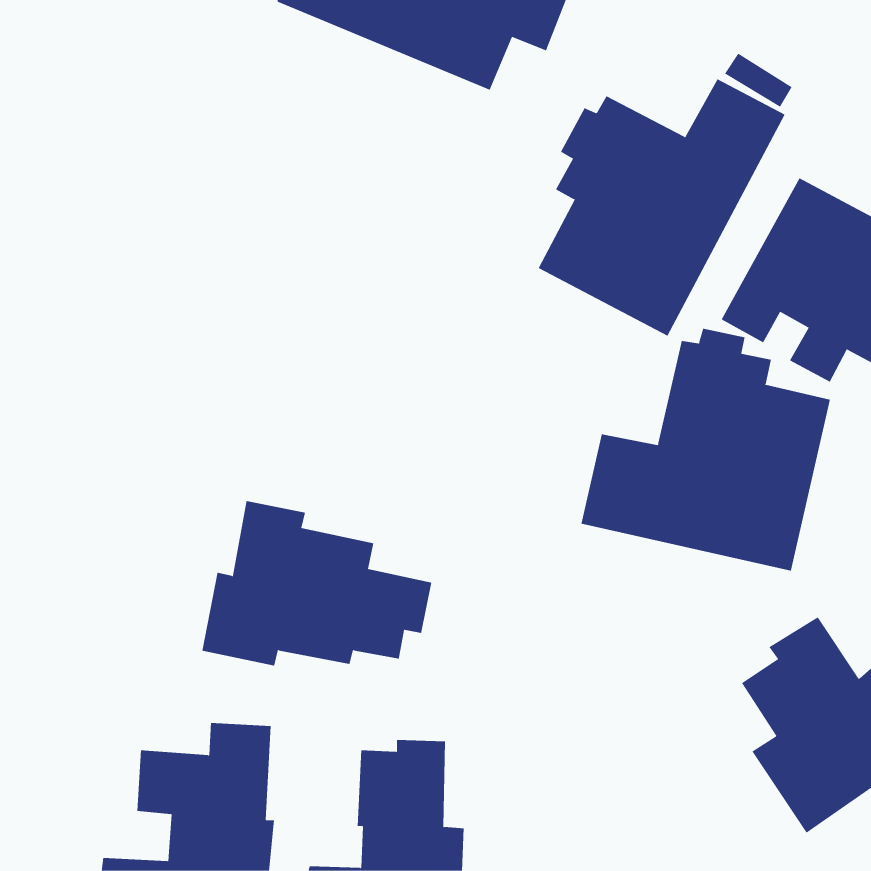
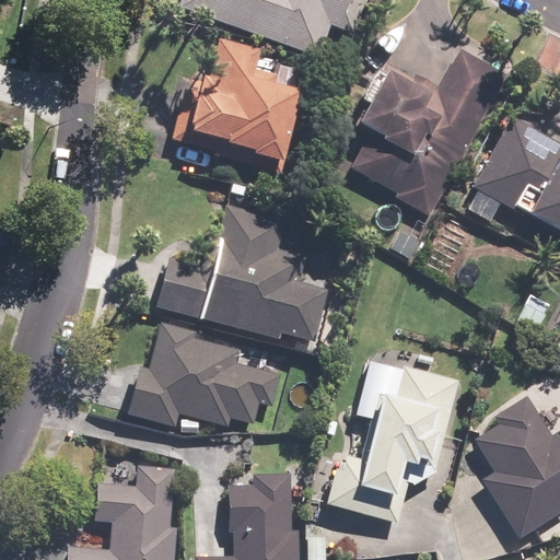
building: none -> [171,38,306,178]
building: [581,328,831,572] -> none
building: none -> [158,214,326,343]
building: none -> [334,363,457,522]

